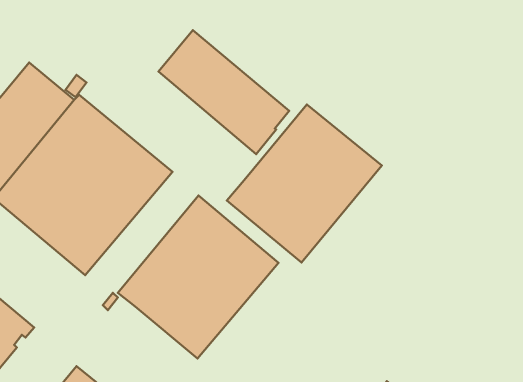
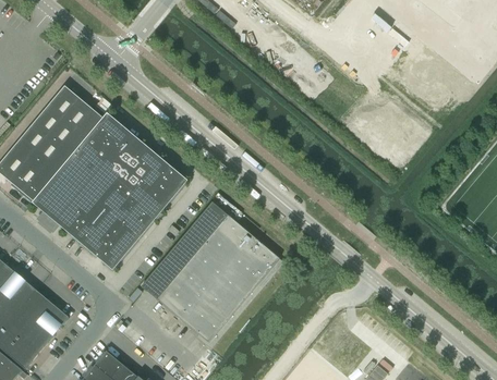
building: [158,30,289,154] -> none
building: [227,105,382,263] -> none

